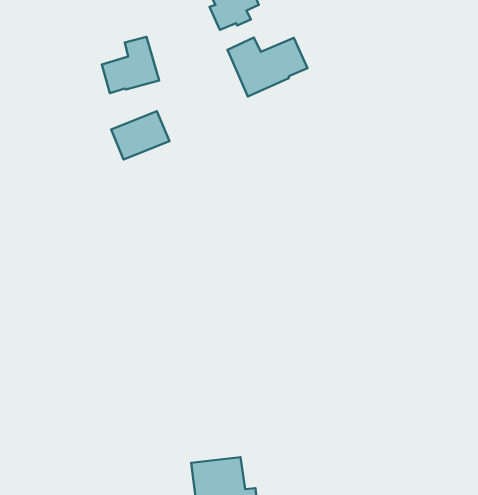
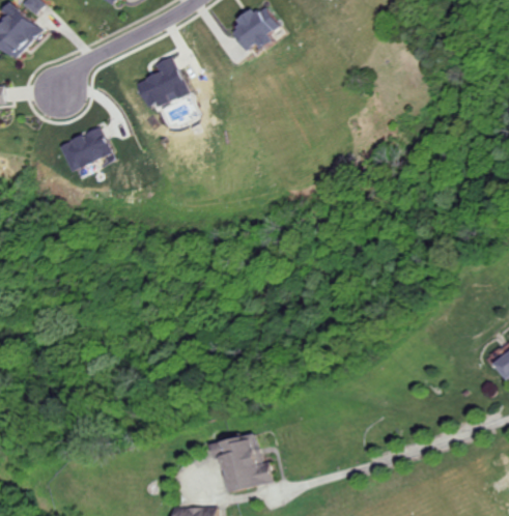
building: [227,37,308,97] -> none
building: [111,111,170,159] -> [58,126,111,170]

